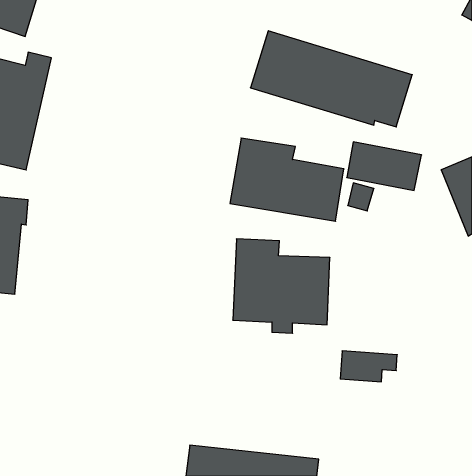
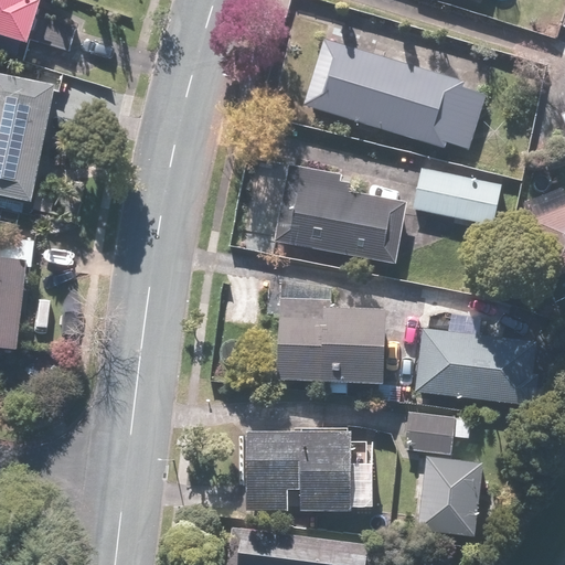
building: none -> [411,316,537,403]
building: none -> [242,430,372,511]
building: none -> [417,458,481,537]

